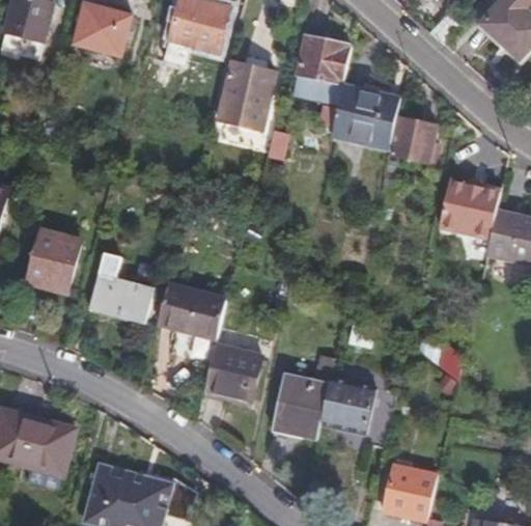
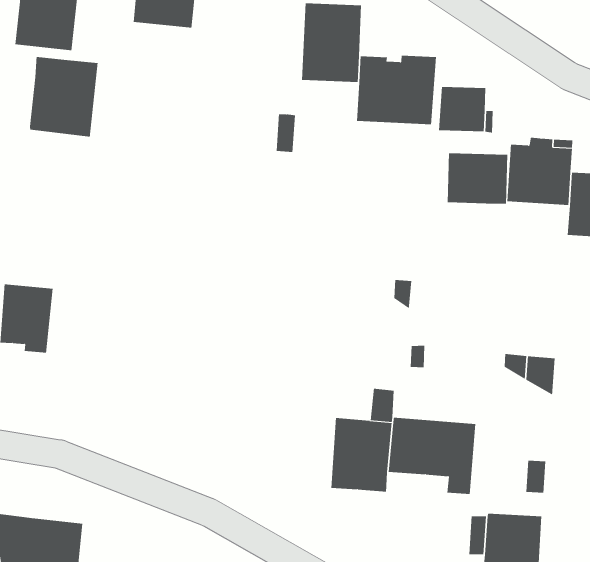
building: none -> [29,56,98,137]
building: [218,68,276,137] -> none
building: none -> [447,152,508,204]
building: [88,276,152,324] -> none
building: [157,284,224,336] -> none
building: [206,347,261,399] -> none

